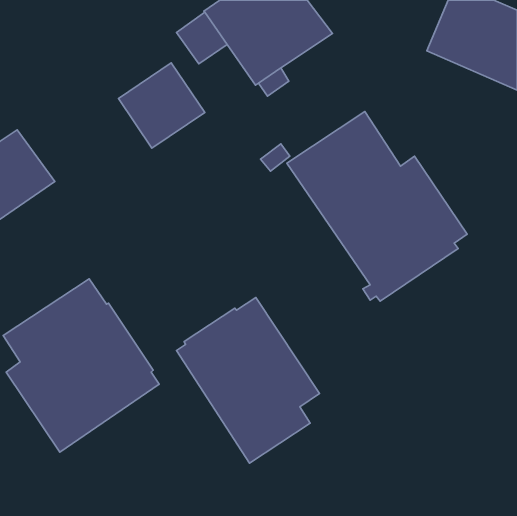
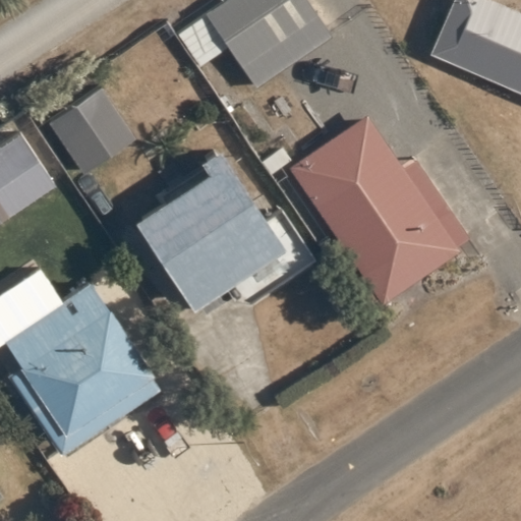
building: [119,63,205,148] -> [48,86,134,172]
building: none -> [133,148,315,314]
building: [176,297,320,463] -> none

